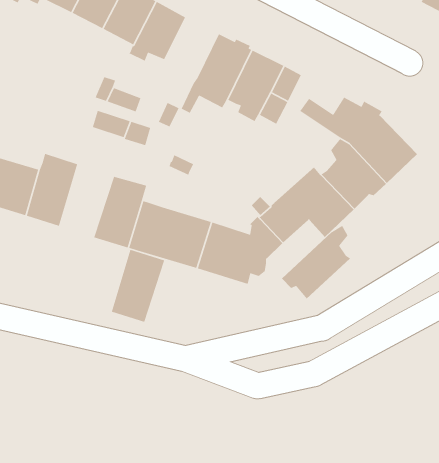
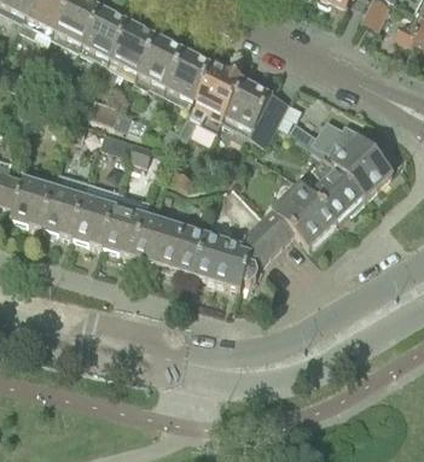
building: none -> [165,49,214,104]
building: [281,225,351,299] -> none
building: [111,249,165,323] -> [71,181,120,247]

